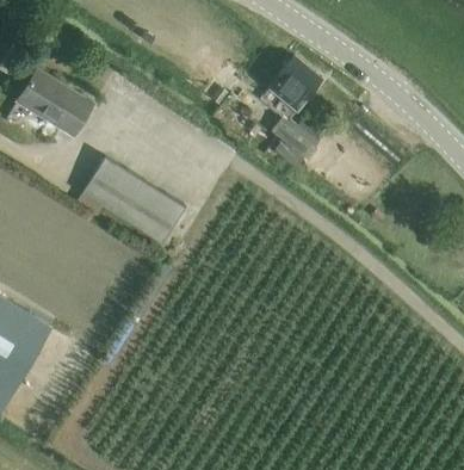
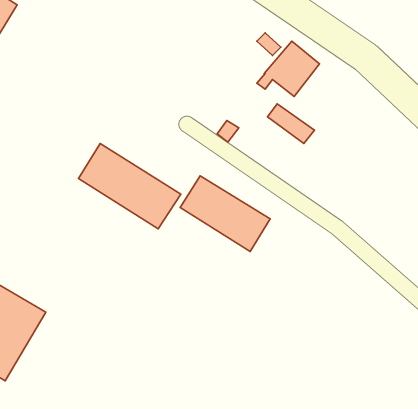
building: [17,72,93,138] -> none
building: none -> [180,176,270,252]

